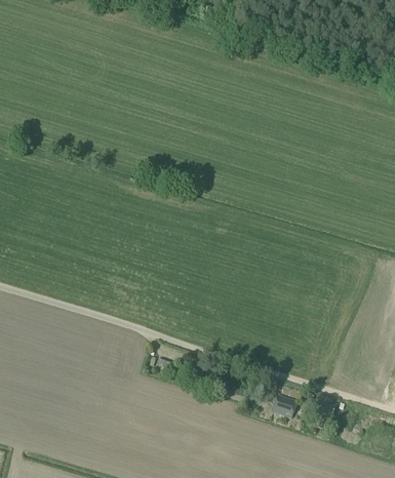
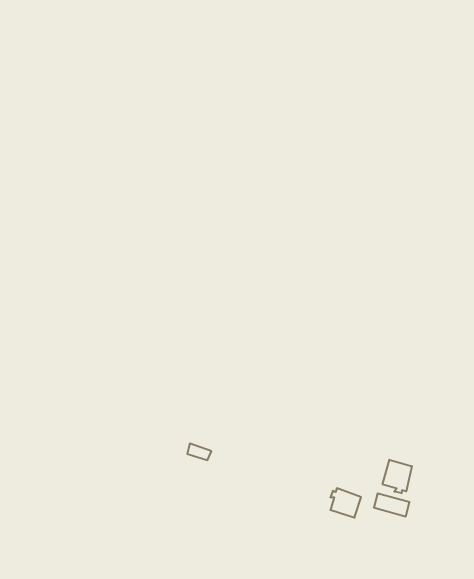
building: none -> [383,460,412,493]

